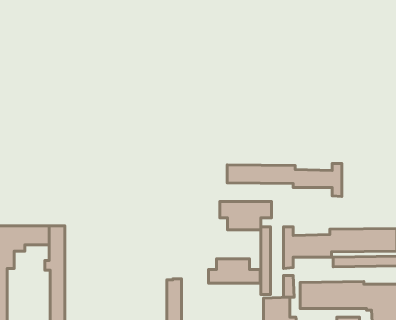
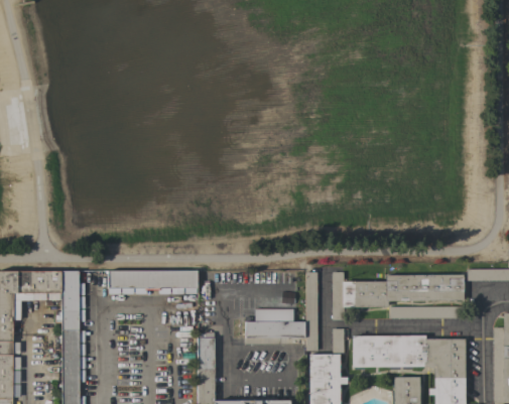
building: [227,163,342,197] -> none
building: [220,202,271,230] -> none
building: none -> [106,270,198,296]

